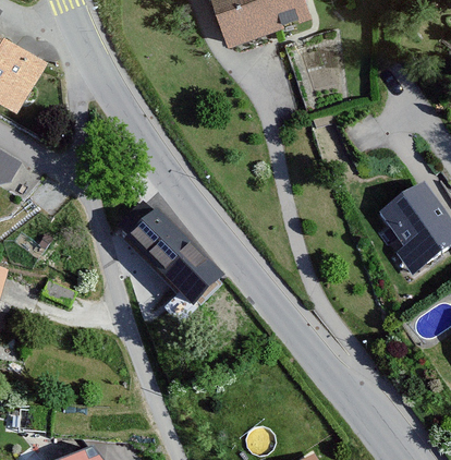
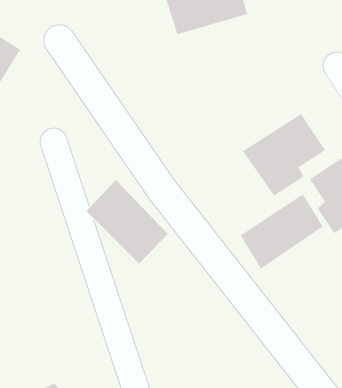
building: none -> [242,113,326,196]
building: none -> [240,194,323,270]

